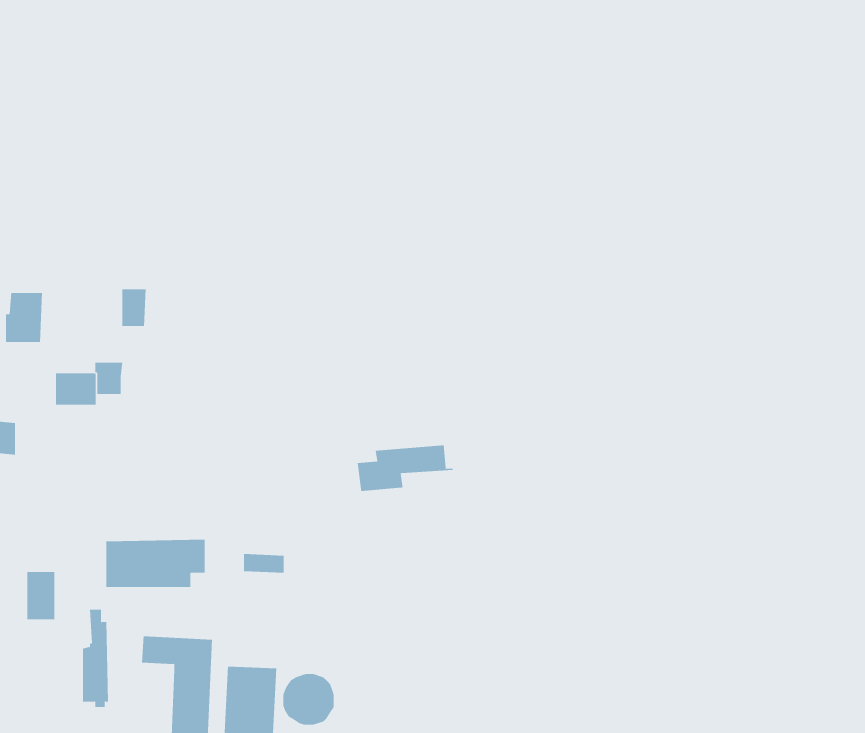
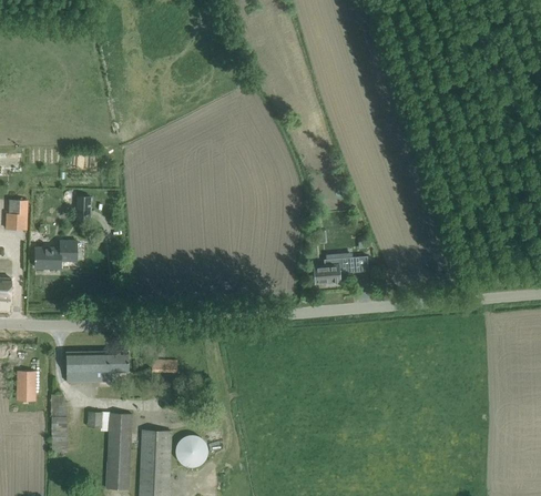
building: [357,445,454,491] -> [312,255,371,284]

